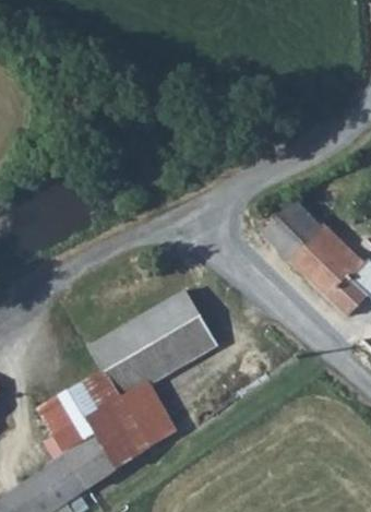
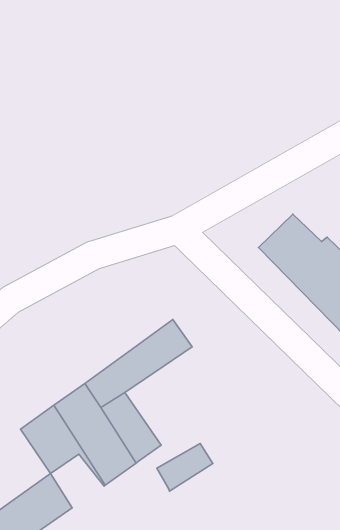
building: [86,285,186,368] -> none
building: none -> [157,444,213,491]
building: [69,436,120,487] -> none

